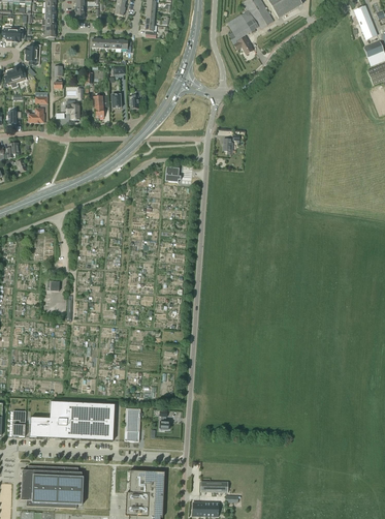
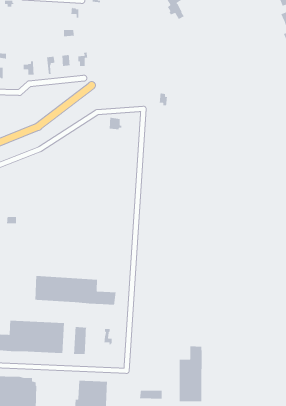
building: none -> [34,275,116,305]
building: none -> [179,345,203,402]

